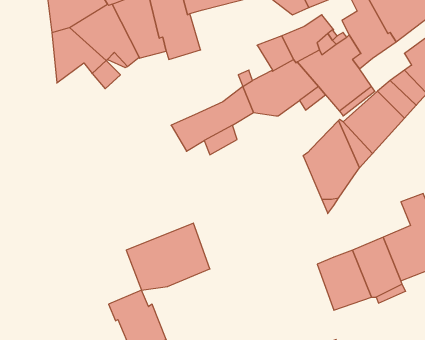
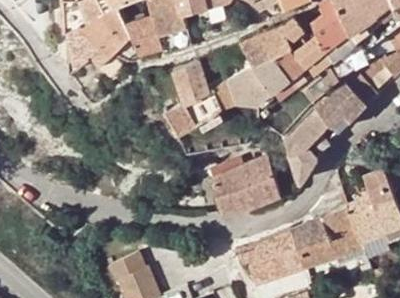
building: none -> [174,59,211,101]
building: [126,223,210,290] -> [209,157,280,214]
building: none -> [240,228,305,282]

